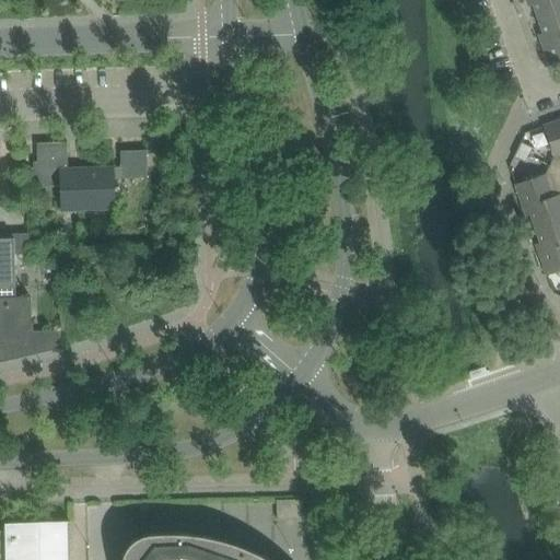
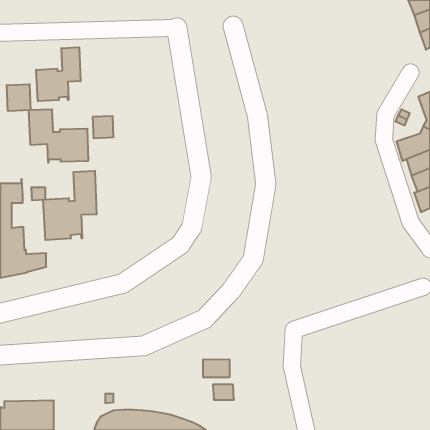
building: none -> [36,47,81,101]
building: none -> [7,84,31,111]
building: none -> [43,171,97,240]
building: none -> [203,359,229,377]

